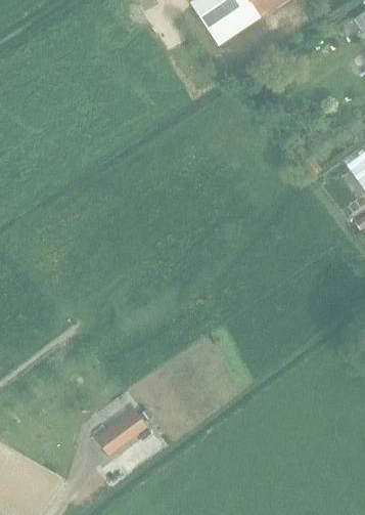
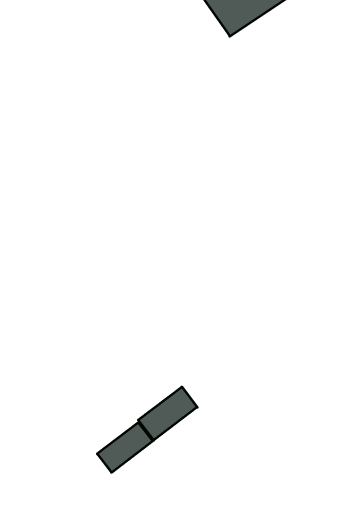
building: none -> [138,387,197,440]

